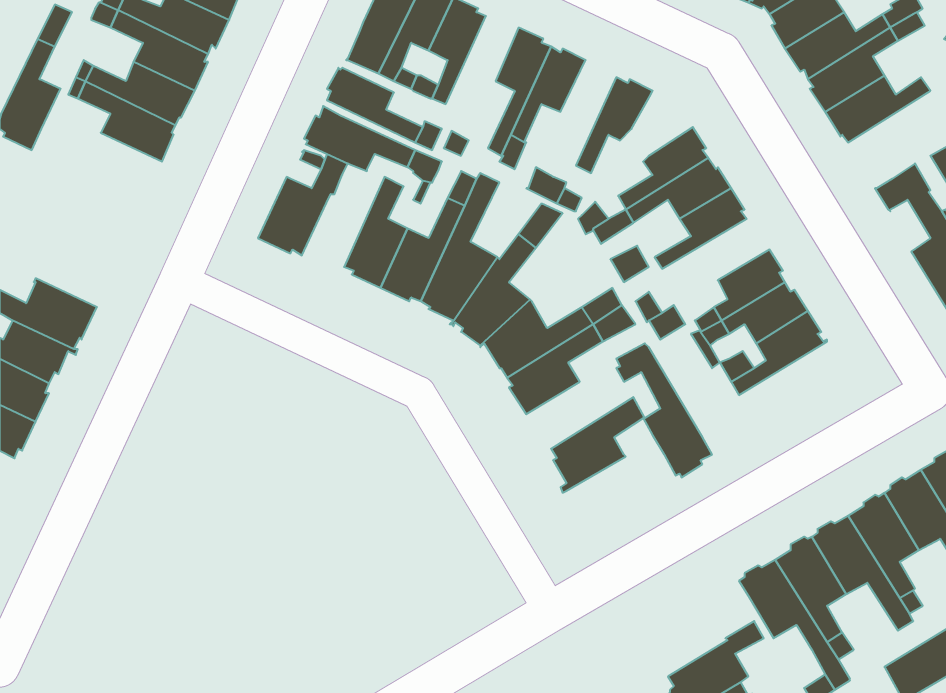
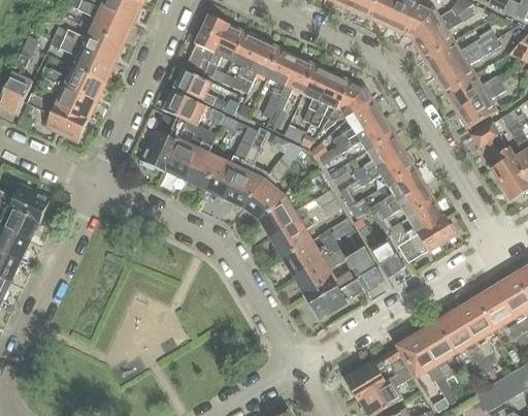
building: none -> [240,41,279,92]
building: none -> [302,65,332,122]
building: none -> [457,82,505,127]
building: none -> [324,84,373,129]
building: none -> [27,93,88,142]
building: none -> [162,121,207,177]
building: none -> [357,151,415,186]
building: none -> [398,217,457,262]
building: none -> [359,225,404,276]
building: none -> [284,228,341,275]
building: none -> [305,267,358,317]
building: none -> [344,349,406,398]

